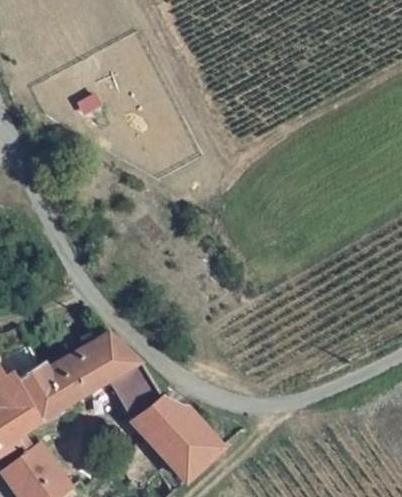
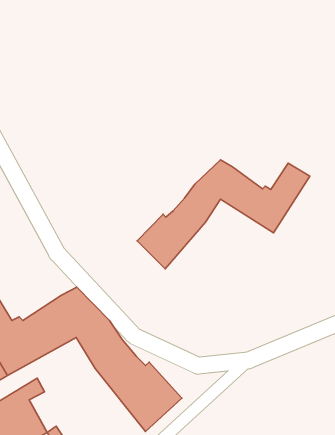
building: none -> [137,160,310,269]

